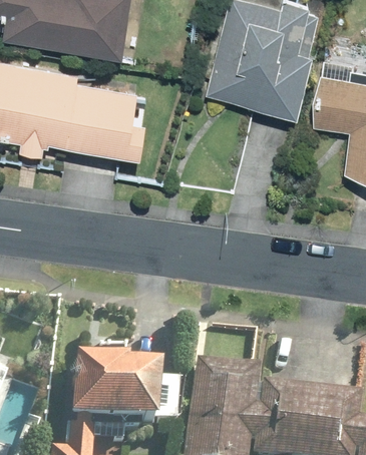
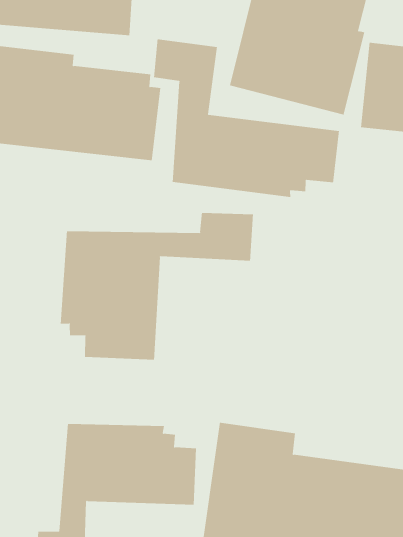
building: none -> [153,39,340,198]
building: none -> [60,212,254,361]

